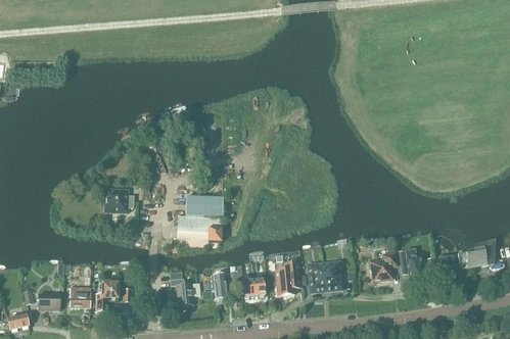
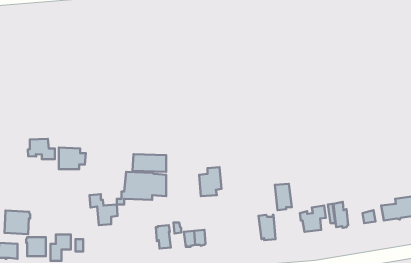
building: none -> [28,139,55,159]
building: none -> [5,211,30,234]
building: [275,263,299,295] -> [199,167,221,196]
building: [308,263,326,292] -> [275,184,292,210]
building: [169,272,199,305] -> [90,194,118,225]

